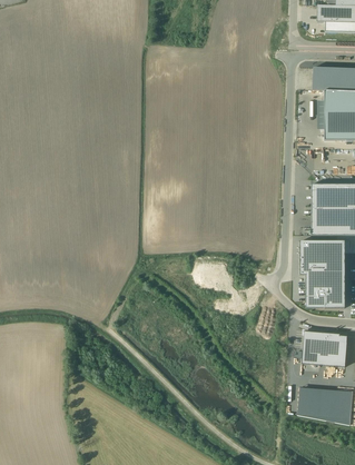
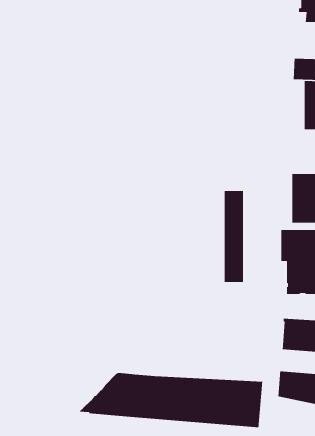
building: none -> [224,190,244,283]
building: none -> [78,372,263,428]

